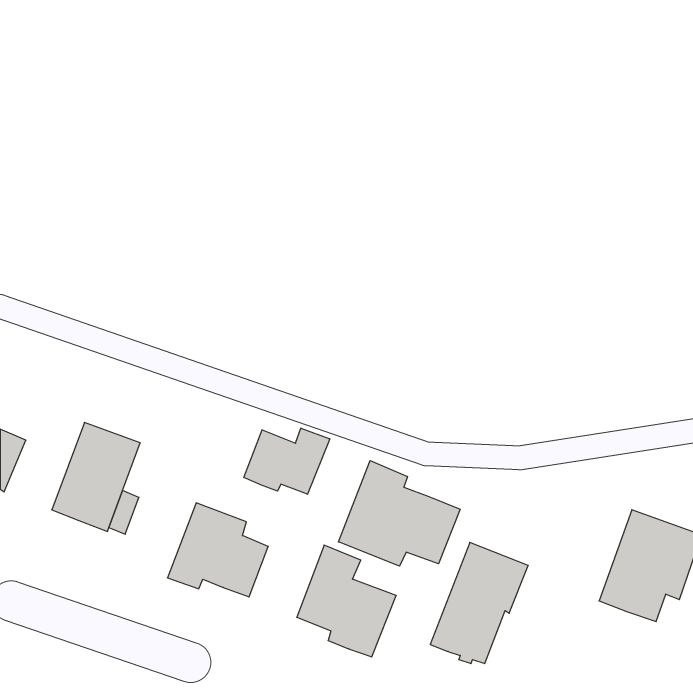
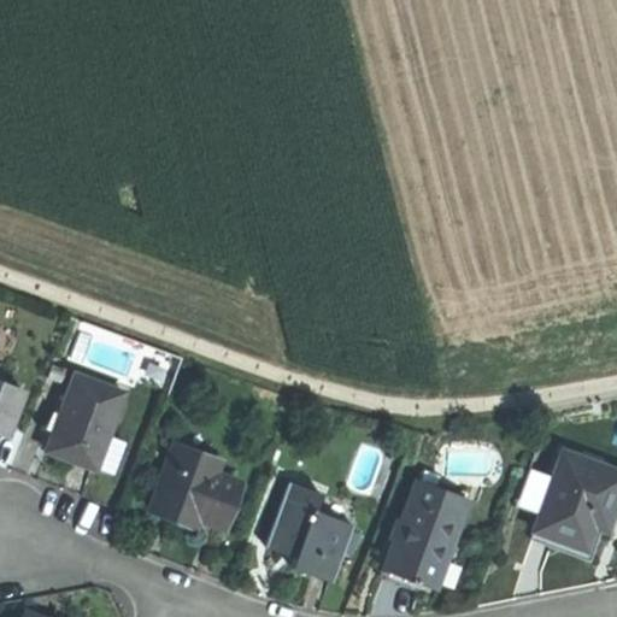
building: [244,428,330,494] -> none
building: [338,461,460,566] -> none

